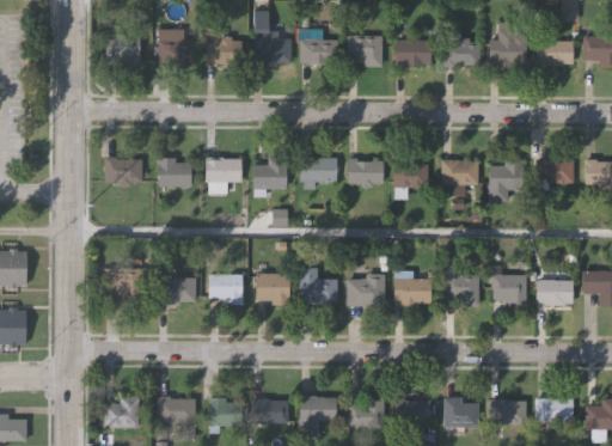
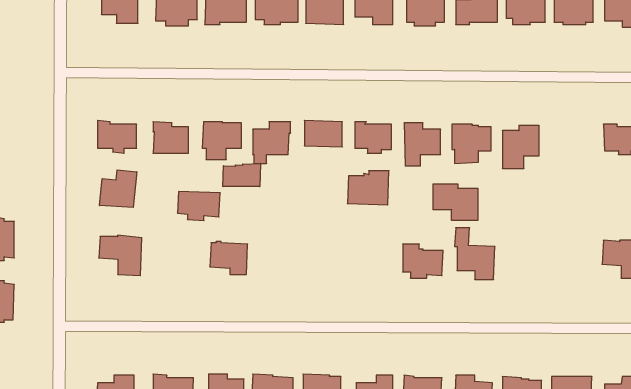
building: [536,160,573,190] -> none
building: none -> [223,163,261,187]
building: none -> [100,170,137,207]
building: none -> [433,184,478,220]
building: [300,268,338,305] -> none
building: [258,270,293,303] -> none
building: [348,273,387,305] -> [347,171,389,205]
building: [492,275,527,306] -> none
building: [158,276,198,304] -> [177,192,220,221]
building: [537,279,574,304] -> none

